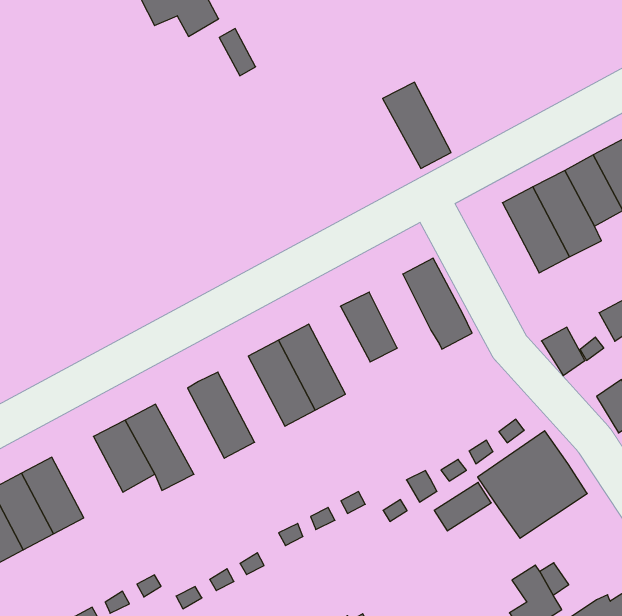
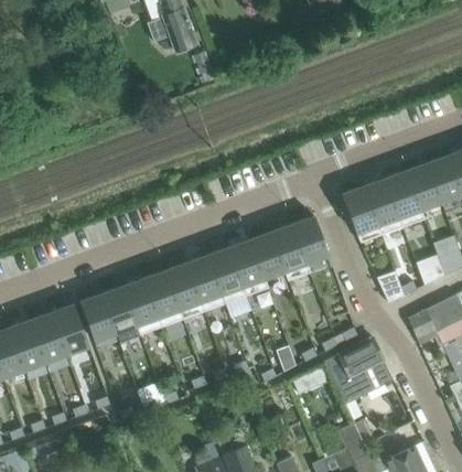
building: [383,82,451,168] -> [342,185,382,242]
building: none -> [270,223,311,280]
building: none -> [228,238,268,296]
building: none -> [165,262,204,319]
building: none -> [122,278,162,334]
building: none -> [51,303,88,353]

